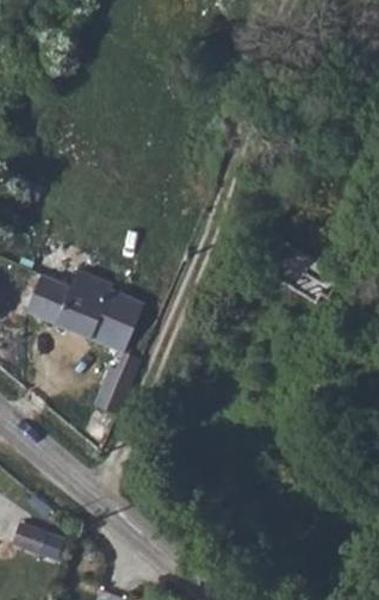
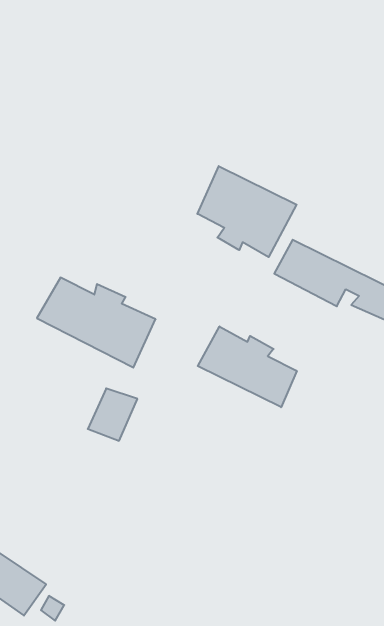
building: none -> [197,166,297,257]
building: none -> [198,326,297,407]

